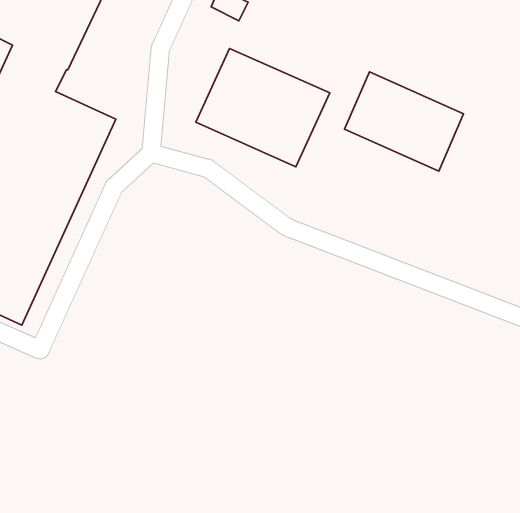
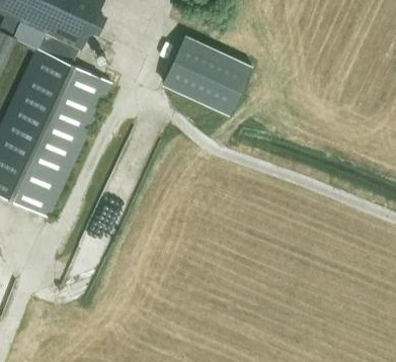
building: [345,72,464,171] -> none

